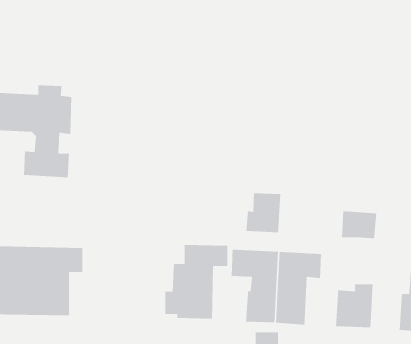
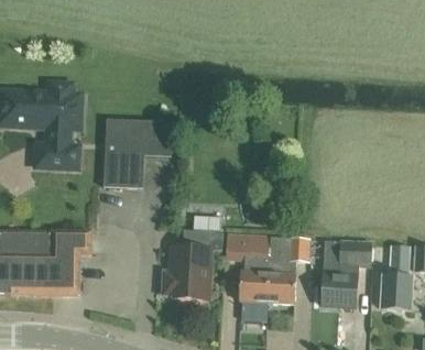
building: none -> [102,119,171,187]
building: [245,193,281,233] -> none
building: [341,210,377,239] -> [339,240,372,266]

